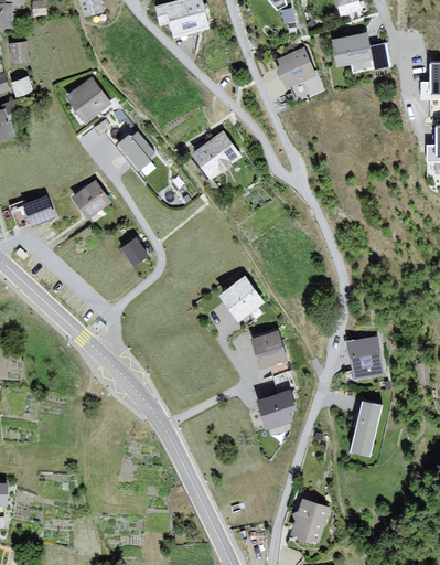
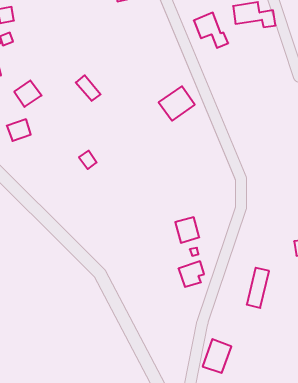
building: [67,81,109,122] -> none
building: [191,130,240,178] -> [159,86,195,121]
building: [72,180,109,216] -> [14,80,42,107]
building: [218,275,262,320] -> none
building: [348,339,383,380] -> none

